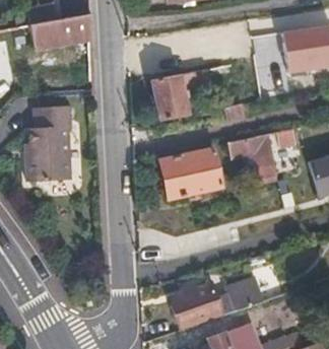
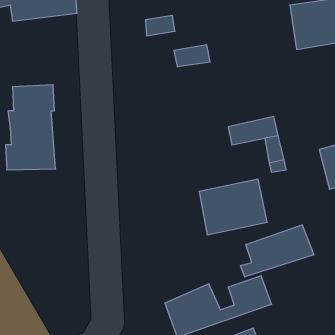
building: [155,74,188,120] -> none
building: [161,149,222,199] -> [199,179,267,235]
building: none -> [241,225,314,277]

